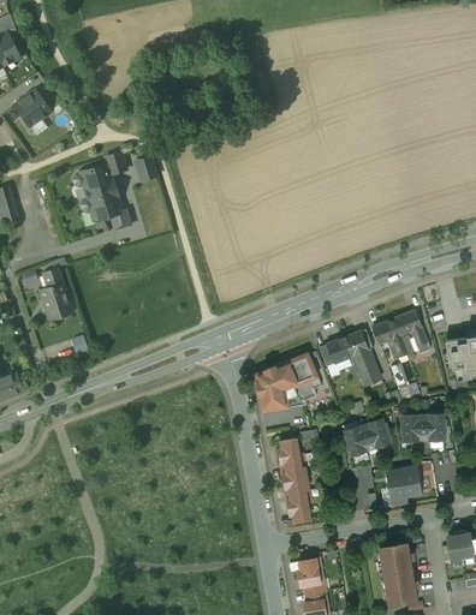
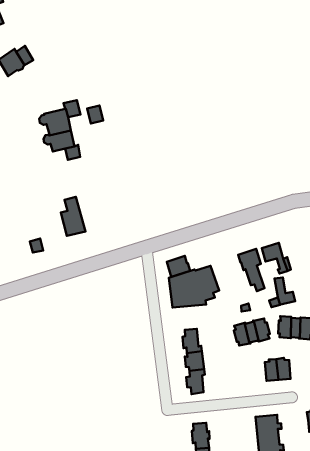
building: [38,268,72,320] -> [61,197,86,236]
building: [395,310,430,352] -> none
building: [321,338,352,366] -> [167,256,190,277]

